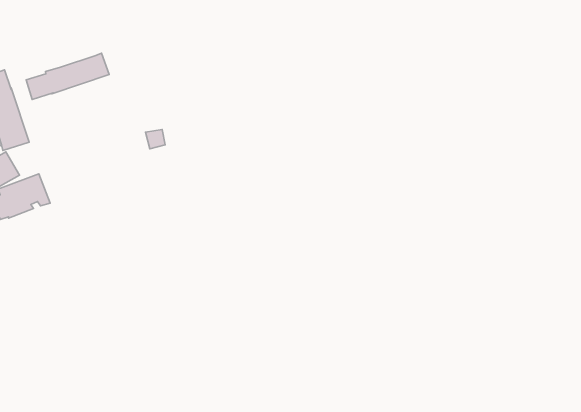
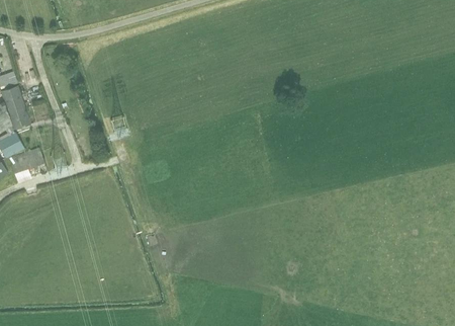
building: [26,53,109,100] -> none

